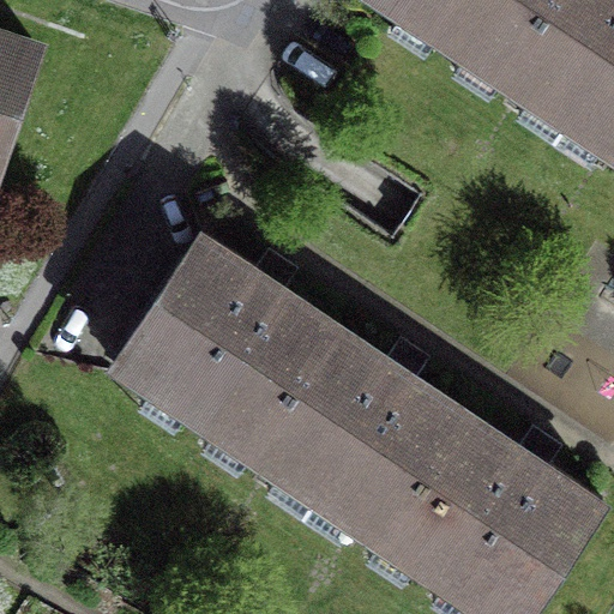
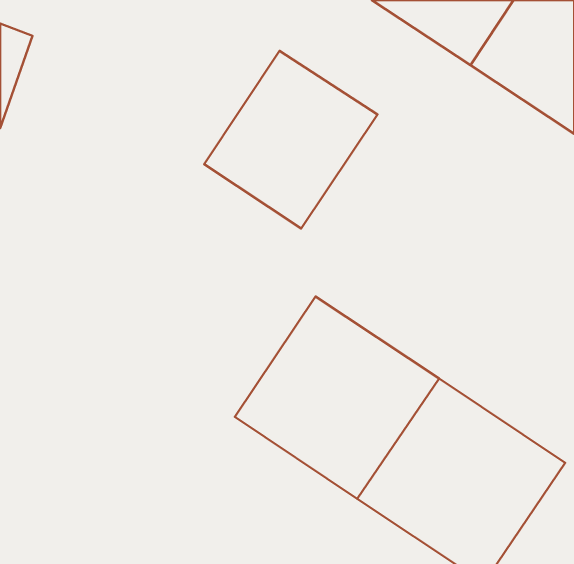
building: none -> [204,51,377,228]
building: [115,236,337,456] -> none

